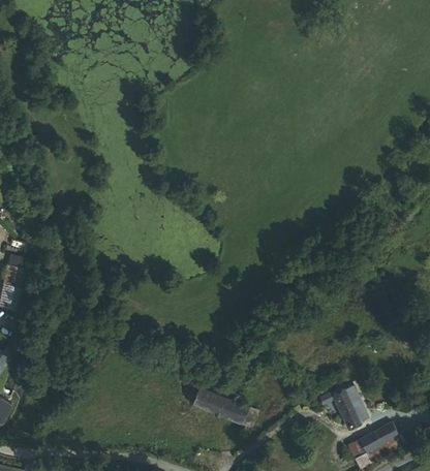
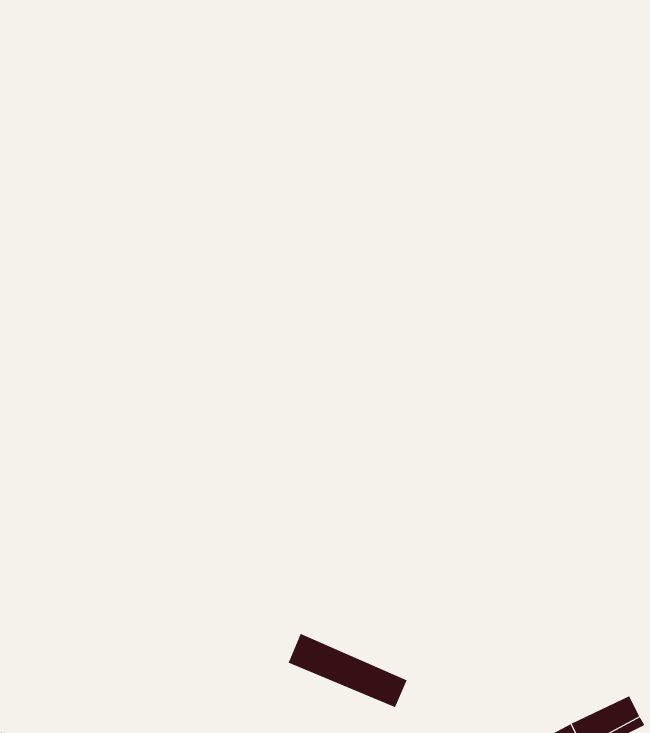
building: [338,386,367,429] -> none

